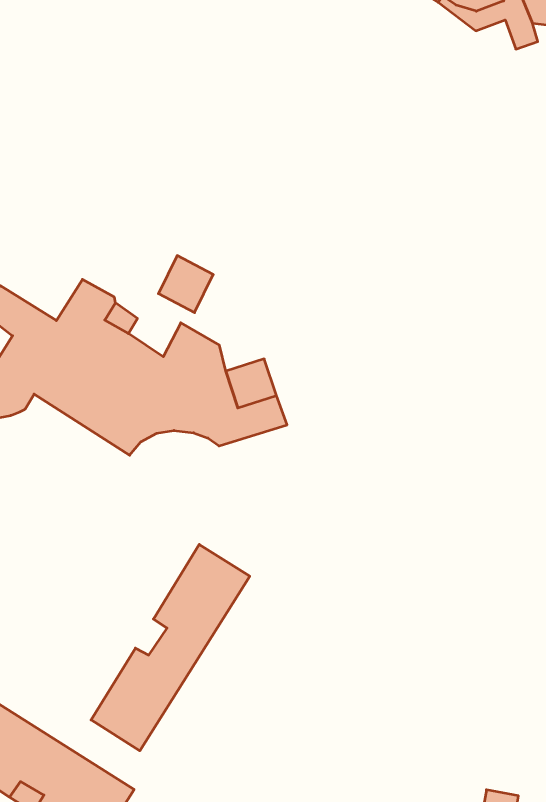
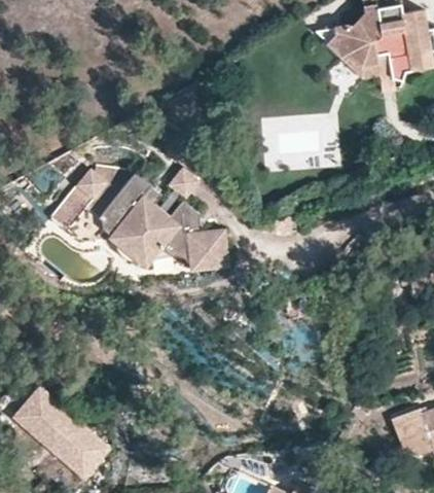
building: [91,544,250,751] -> none

